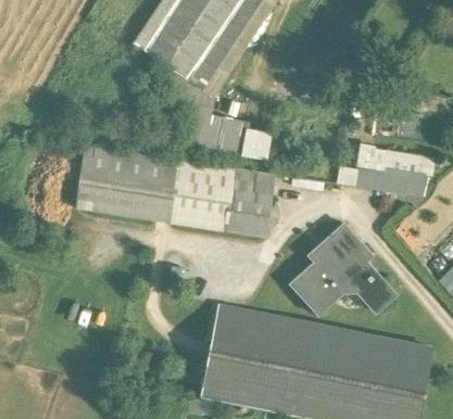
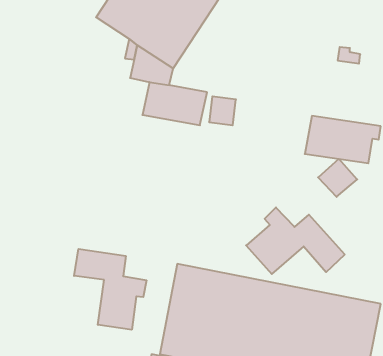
building: [75,145,274,236] -> none
building: [322,224,363,264] -> [318,159,357,197]
building: none -> [74,249,146,330]

